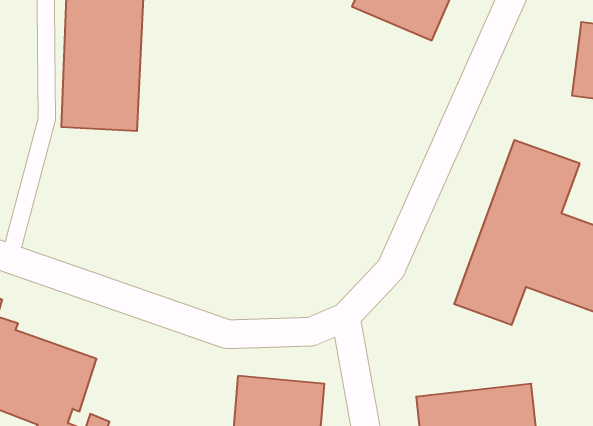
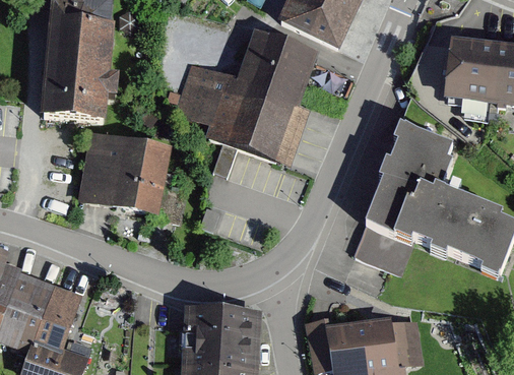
building: none -> [174,28,316,164]
building: none -> [81,132,165,212]

